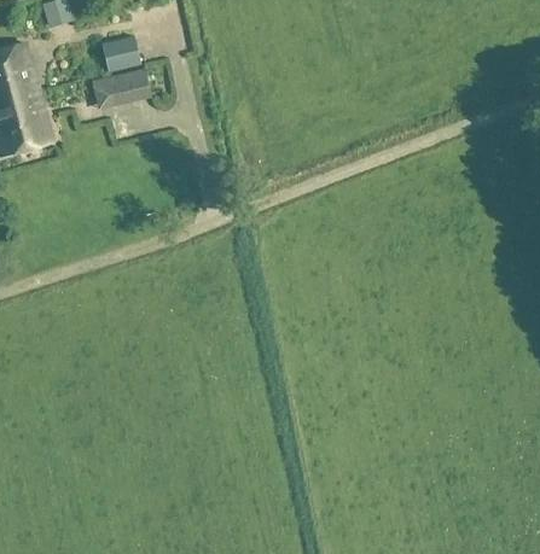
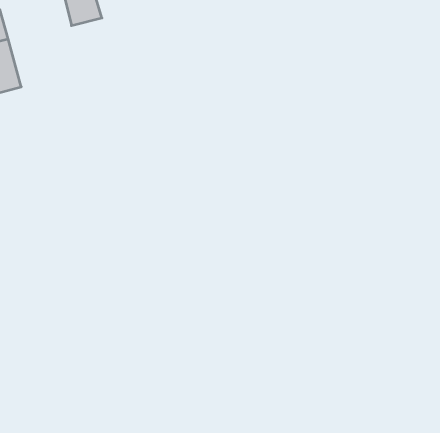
building: [106,69,150,105] -> none

